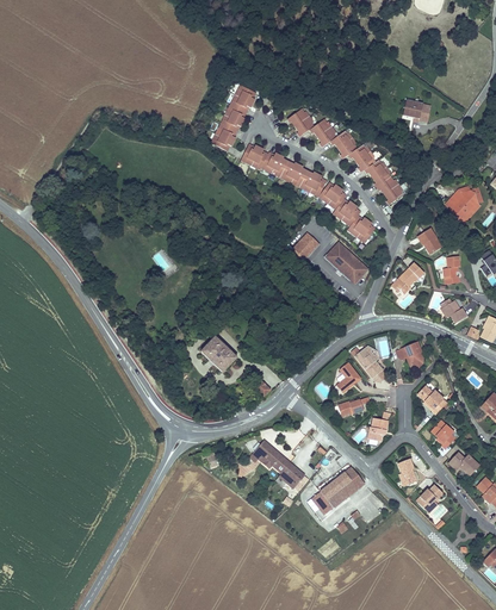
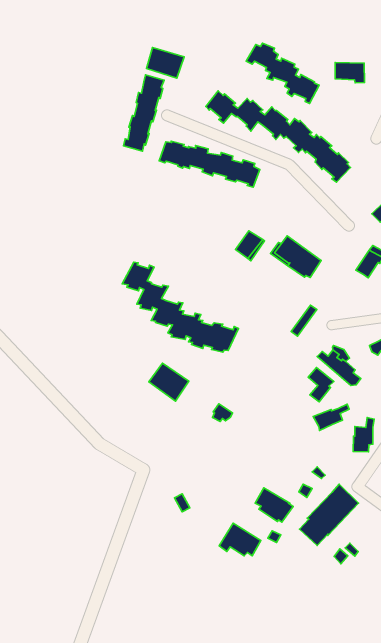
building: none -> [147,48,184,78]
building: [317,183,377,242] -> [246,43,319,103]
building: none -> [122,262,238,352]
building: [248,438,285,469] -> [219,523,261,556]

